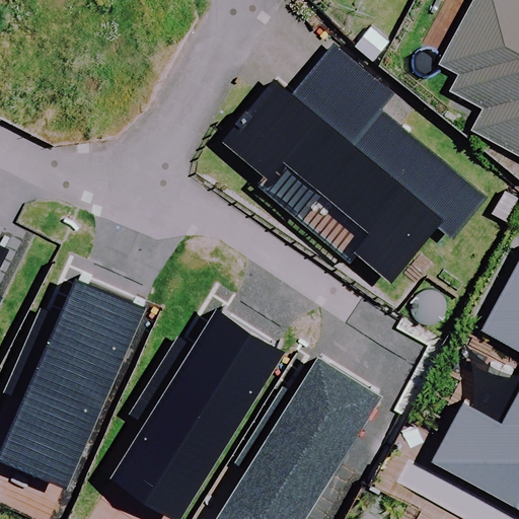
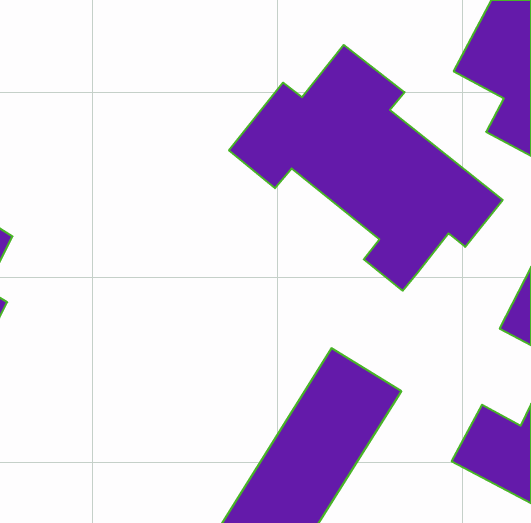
building: [6,273,149,476] -> none
building: [119,303,288,511] -> none

